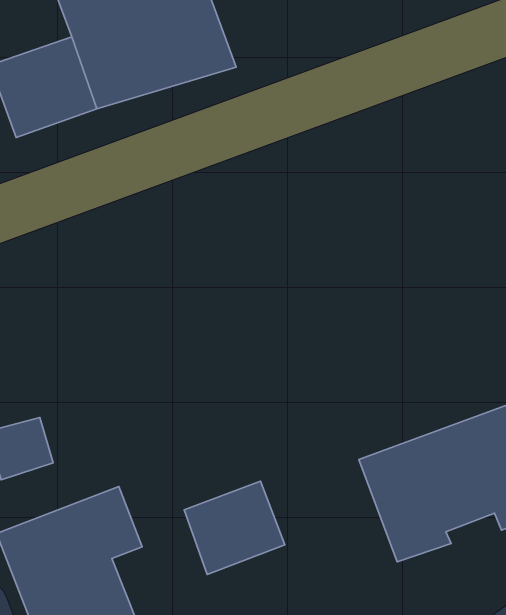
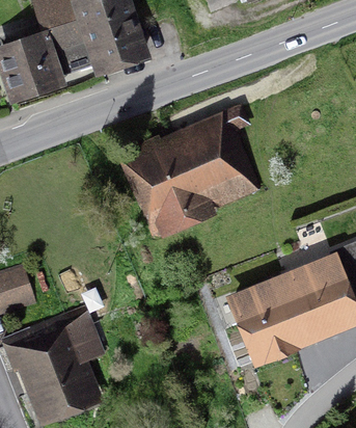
building: none -> [119,116,250,234]
building: [184,481,285,575] -> none

